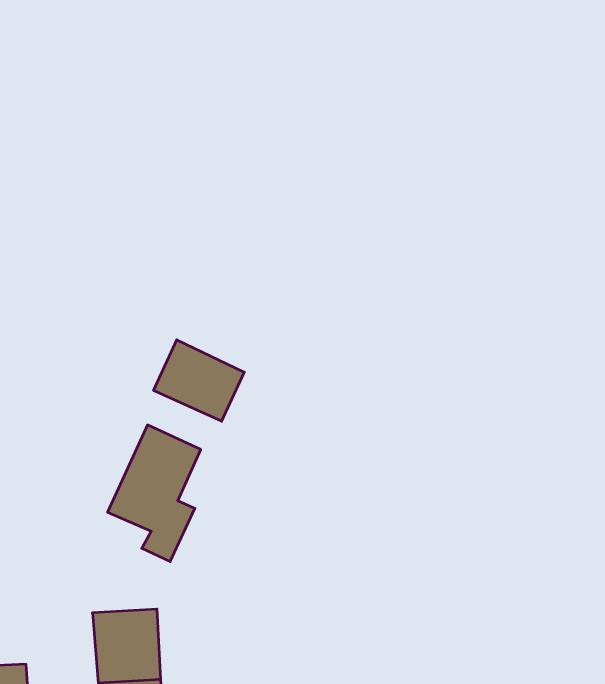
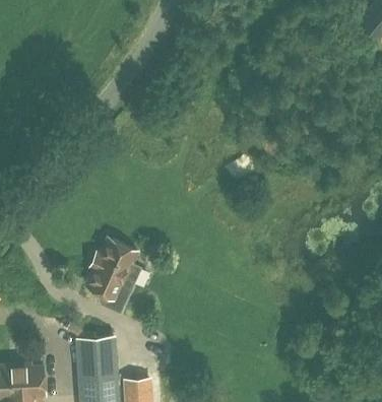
building: [154,340,244,421] -> none

